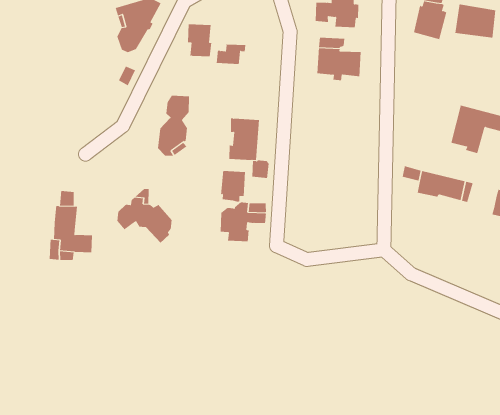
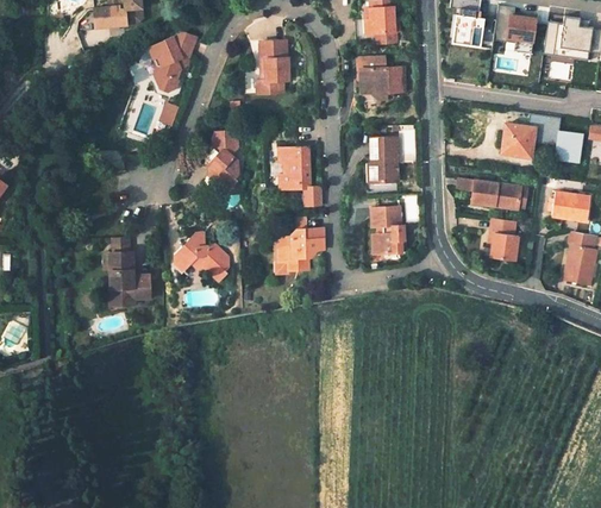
building: [187,24,212,57] -> [259,40,286,74]
building: none -> [370,137,396,182]
building: [220,170,246,202] -> none
building: none -> [370,207,402,255]
building: none -> [489,218,517,262]

